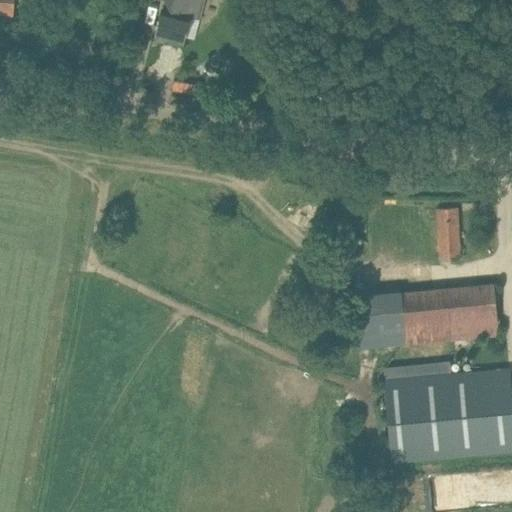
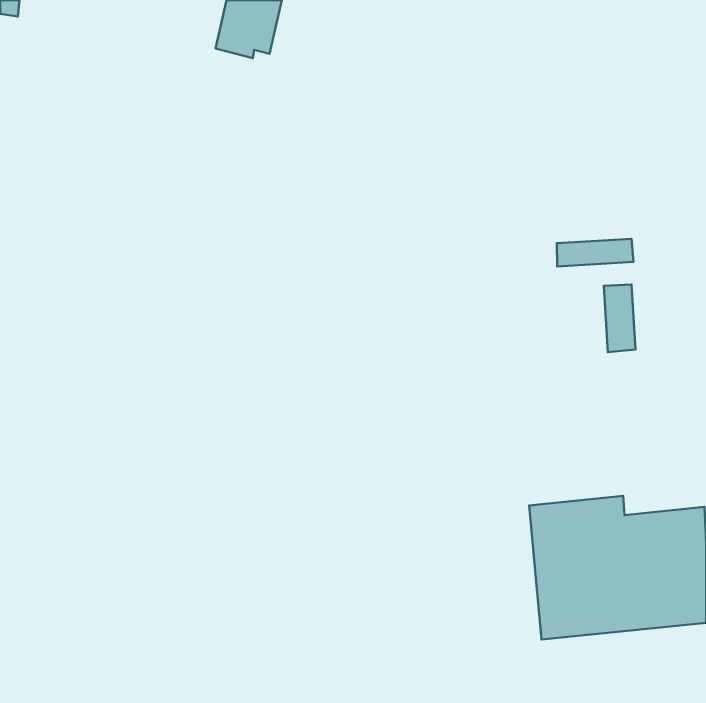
building: none -> [557,239,633,267]
building: [357,284,500,347] -> none

